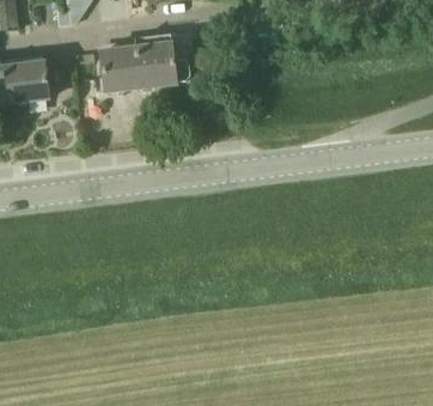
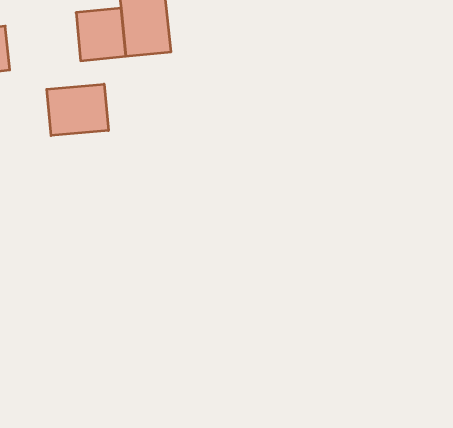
building: none -> [47,84,108,136]

